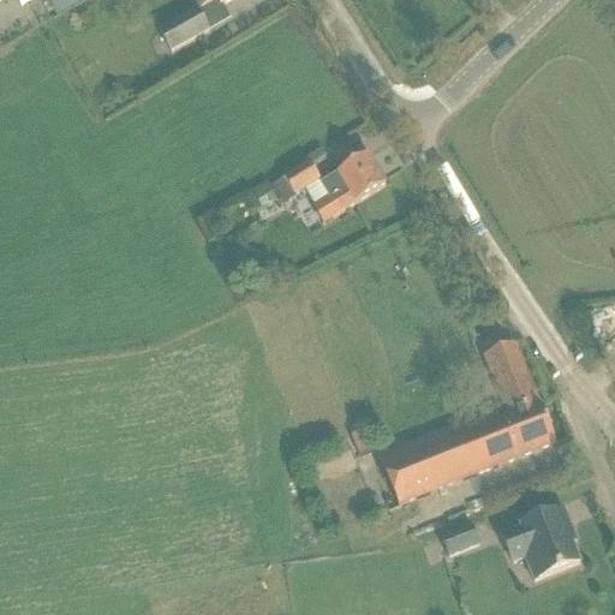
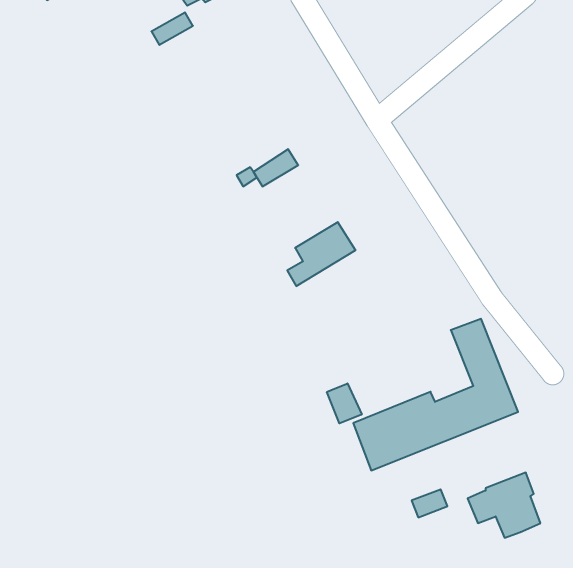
building: [312,153,386,221] -> [287,222,356,286]
building: none -> [327,383,362,423]

